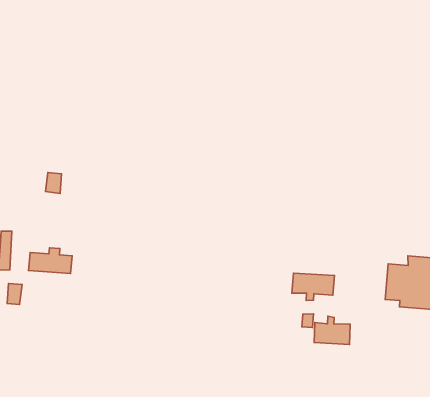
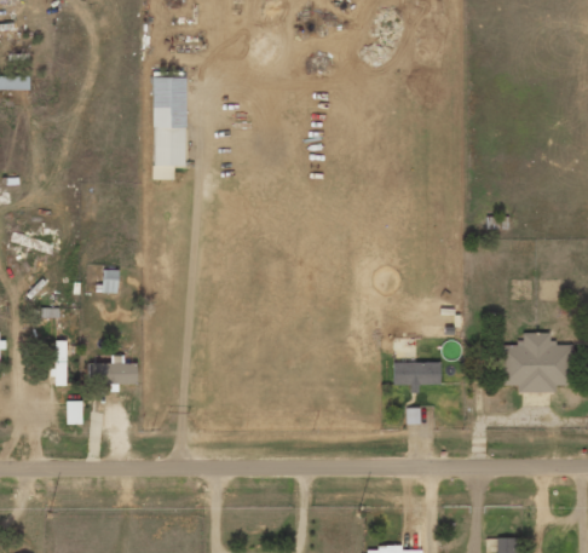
building: none -> [154,77,186,166]
building: [314,316,350,344] -> none

